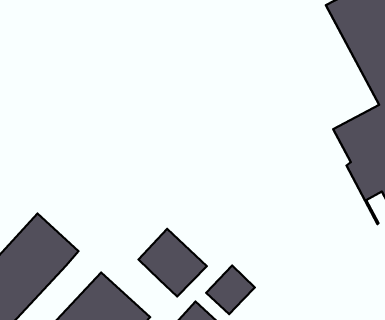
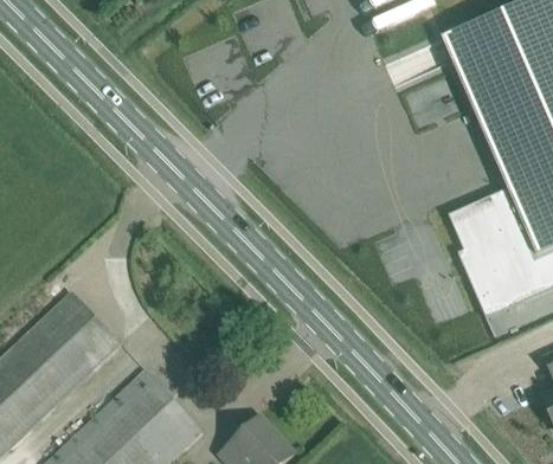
building: [139,229,207,297] -> none
building: [206,265,255,314] -> none

